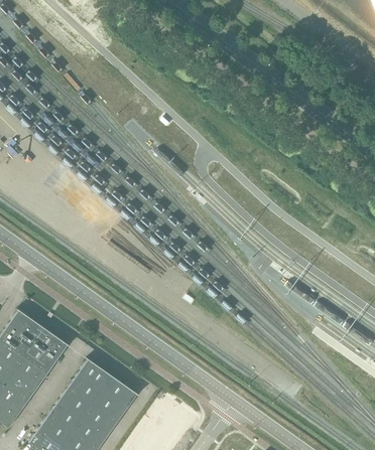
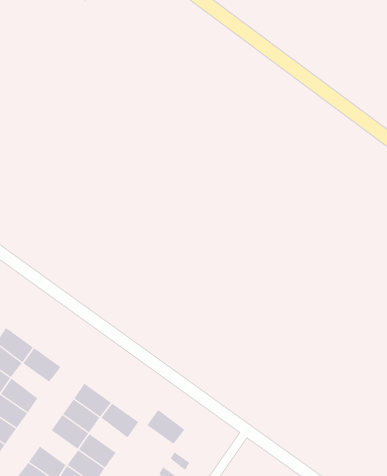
building: [22,342,56,373] -> none
building: [92,391,126,422] -> [147,409,185,444]
building: [47,402,82,433] -> none

